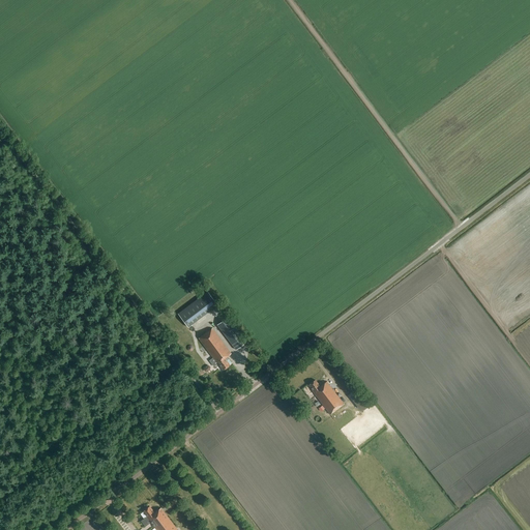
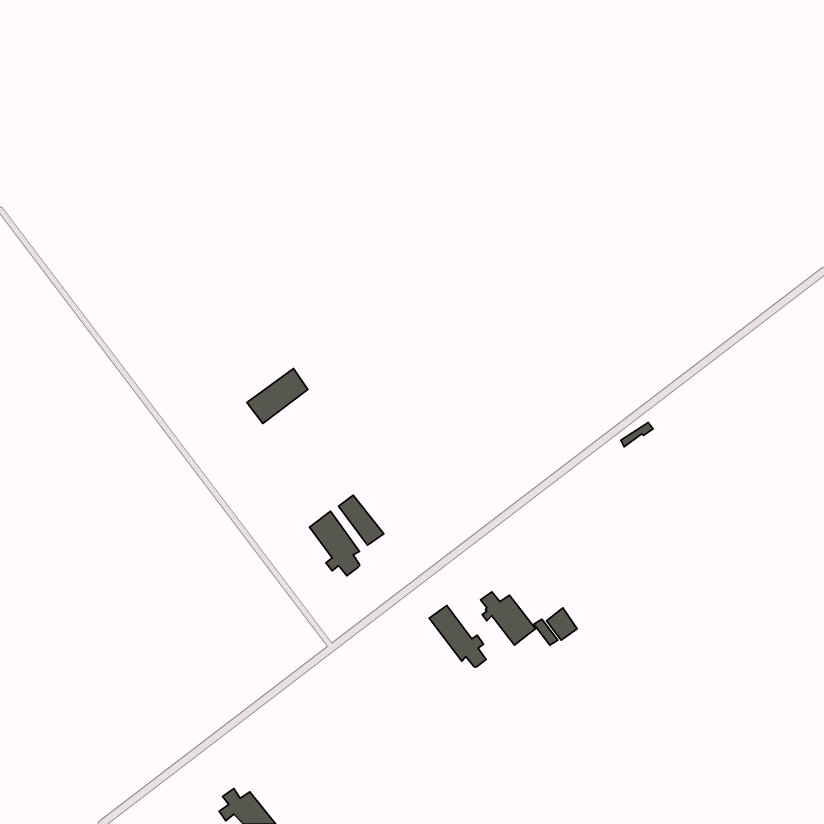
building: [178,292,217,327] -> [247,369,308,423]
building: none -> [429,606,486,667]

